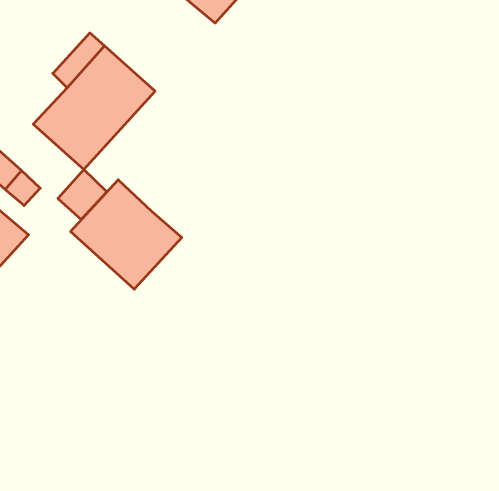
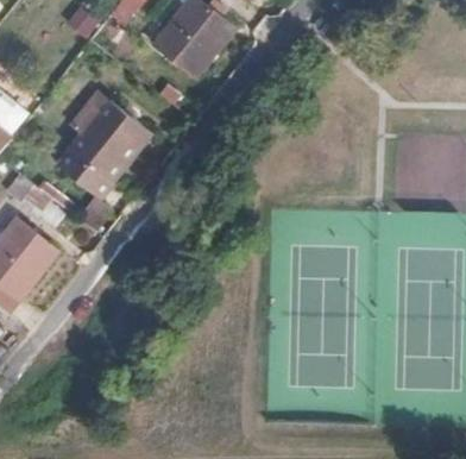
building: [71,180,182,289] -> none

